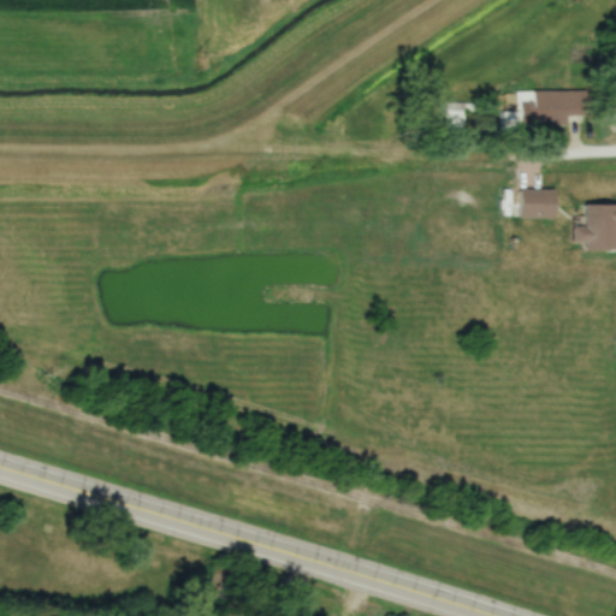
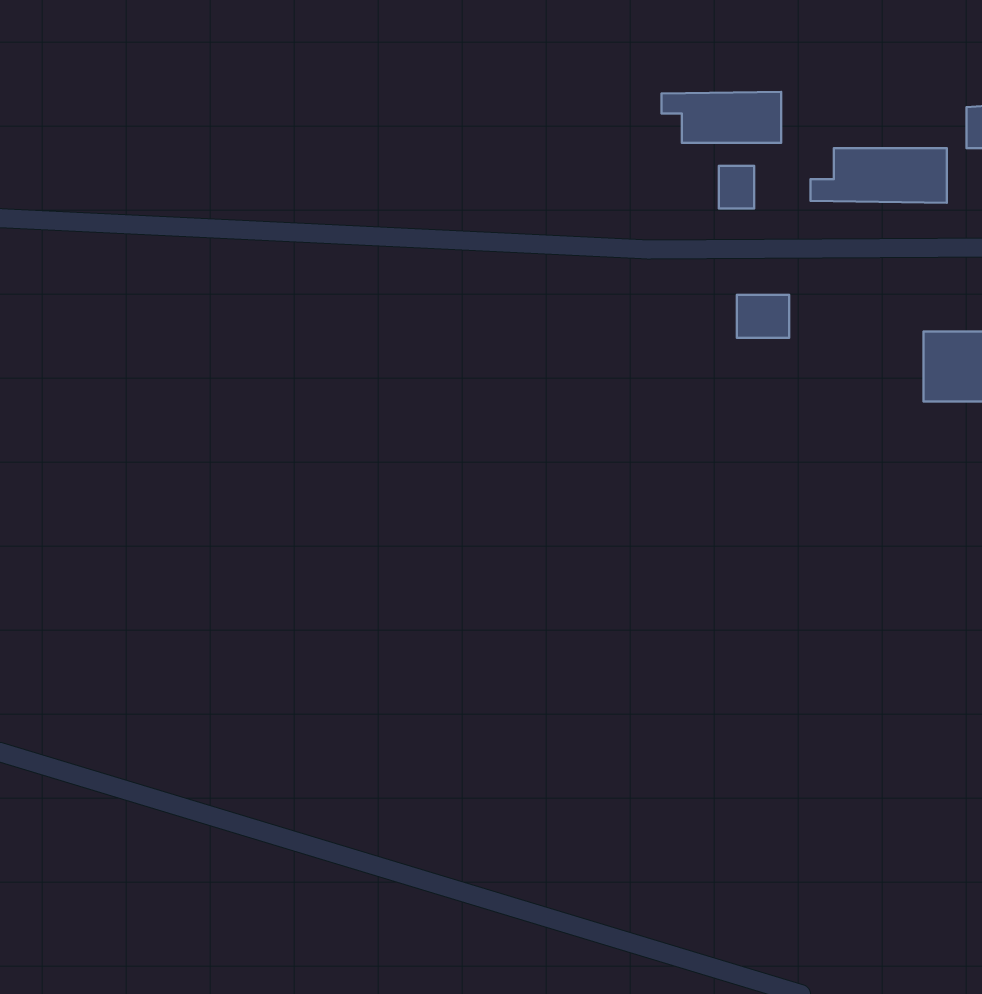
building: none -> [661,92,781,143]
building: [526,191,558,218] -> [737,295,789,338]

